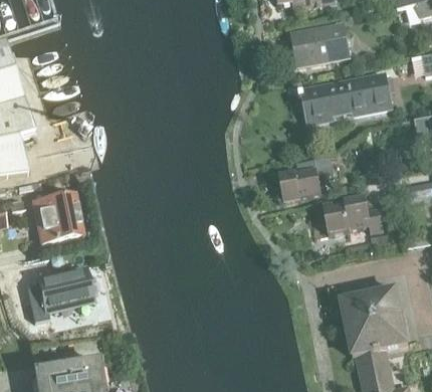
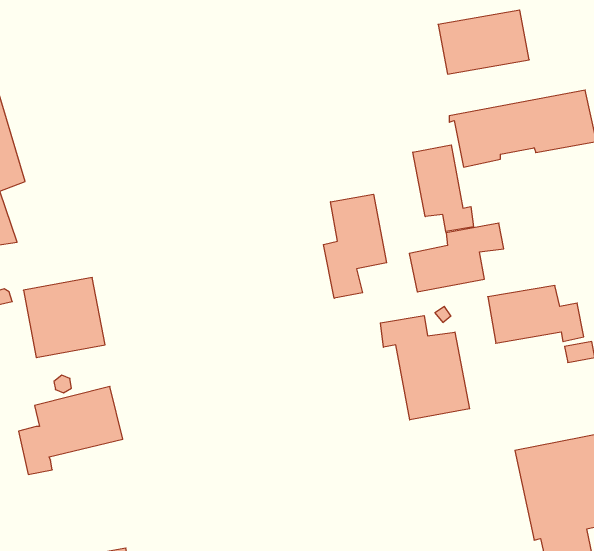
building: none -> [413,145,474,232]
building: none -> [323,194,387,298]
building: none -> [380,316,470,420]

